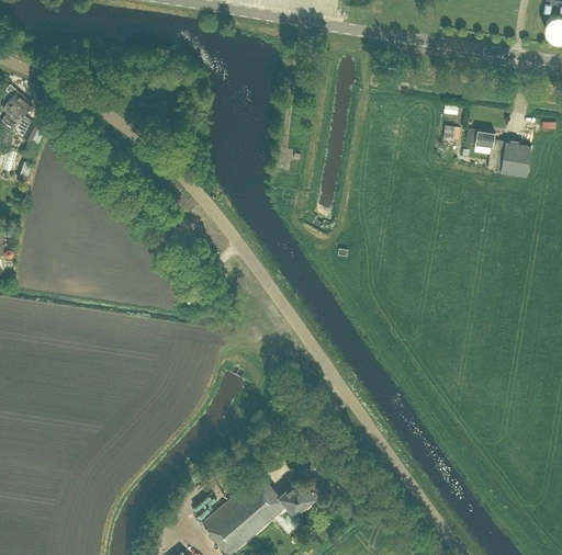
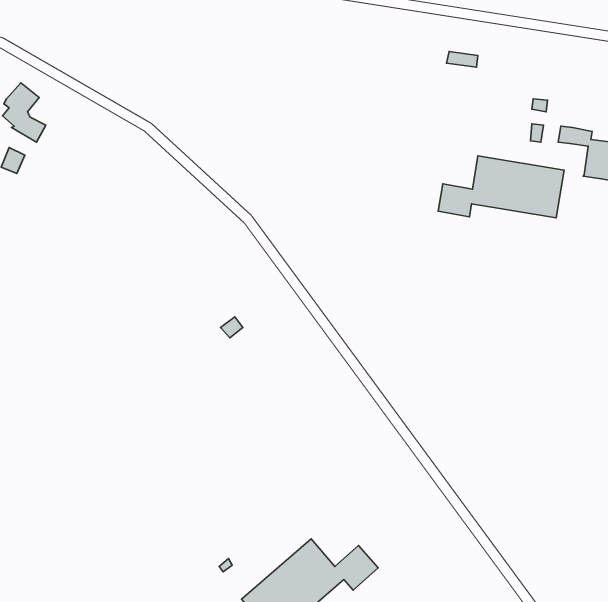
building: none -> [438,156,564,218]

